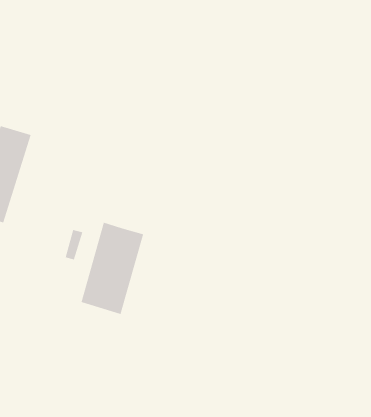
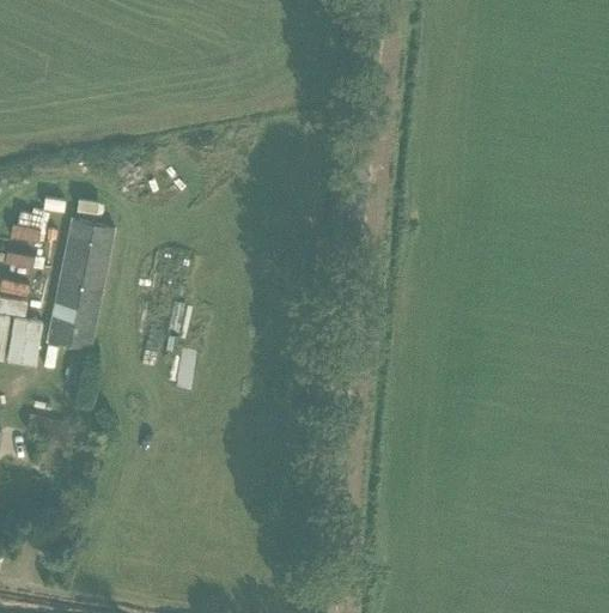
building: [81,222,144,315] -> none

